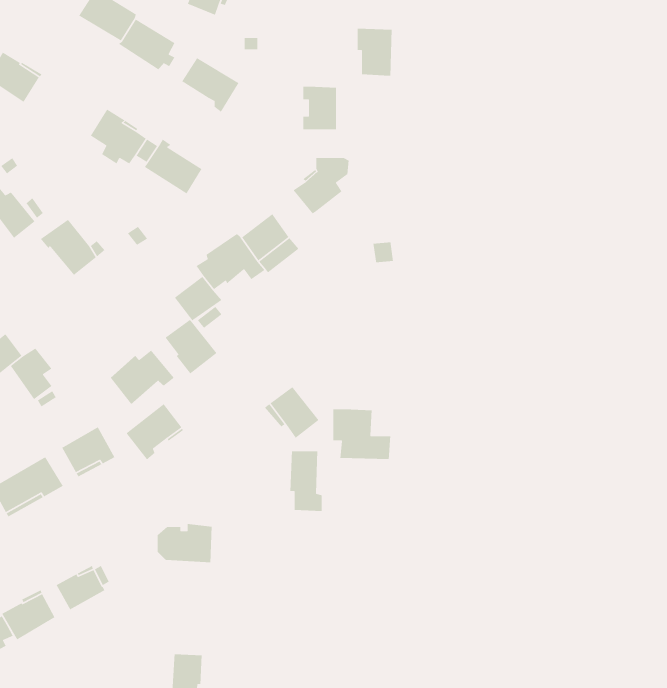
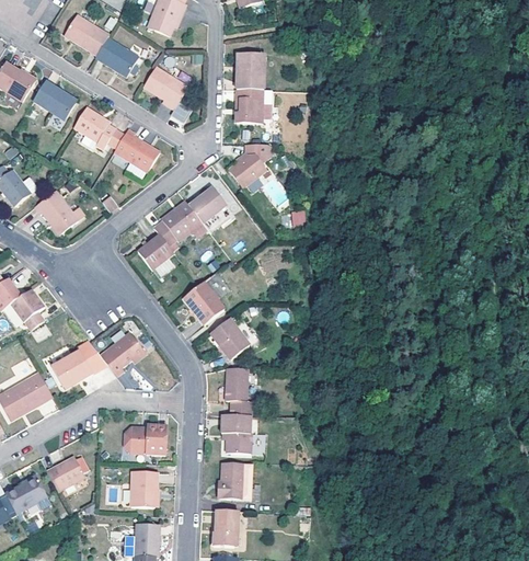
building: [357,28,393,76] -> [237,53,264,90]
building: none -> [34,81,77,121]
building: [165,319,217,375] -> [184,282,225,324]
building: [110,350,175,405] -> none
building: [333,408,391,460] -> [220,414,265,454]
building: none -> [217,462,252,499]
building: none -> [130,470,157,507]
building: none -> [212,510,238,546]

